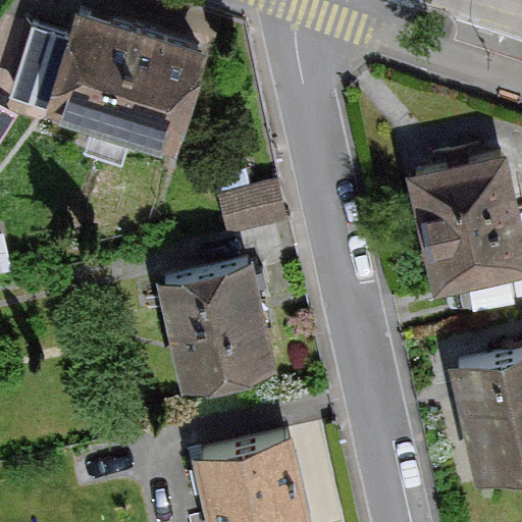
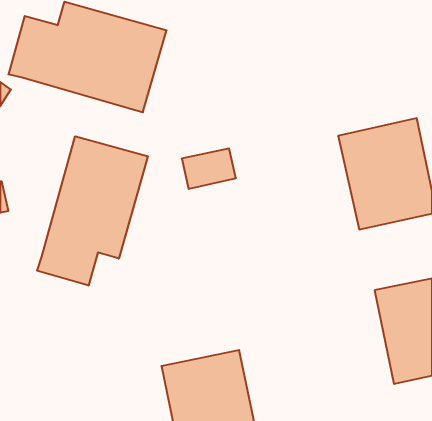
building: none -> [37,136,148,286]
building: [159,262,276,404] -> none

